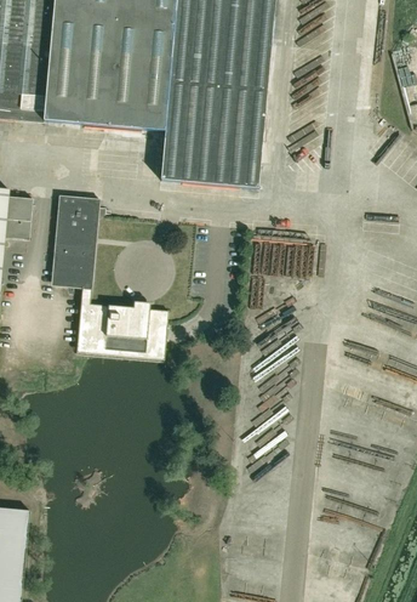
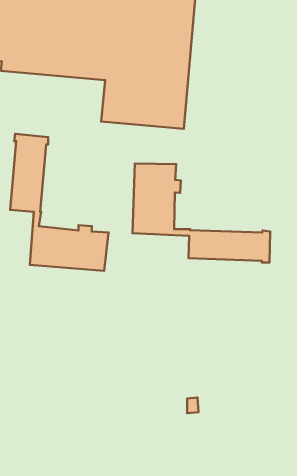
building: none -> [132,163,270,263]

